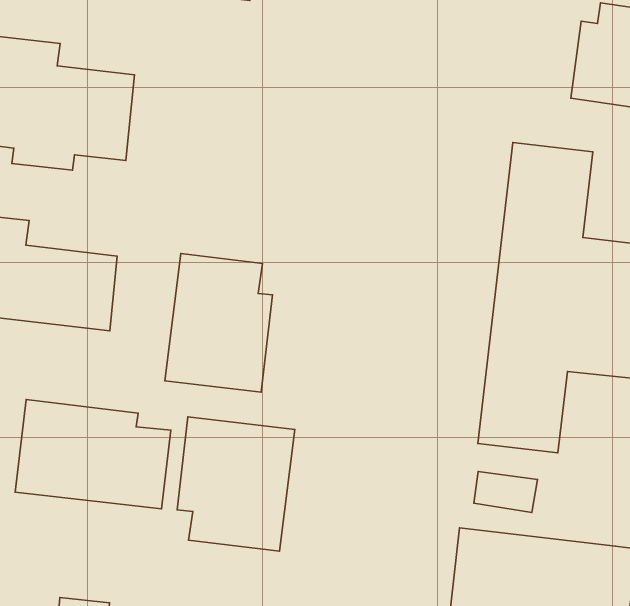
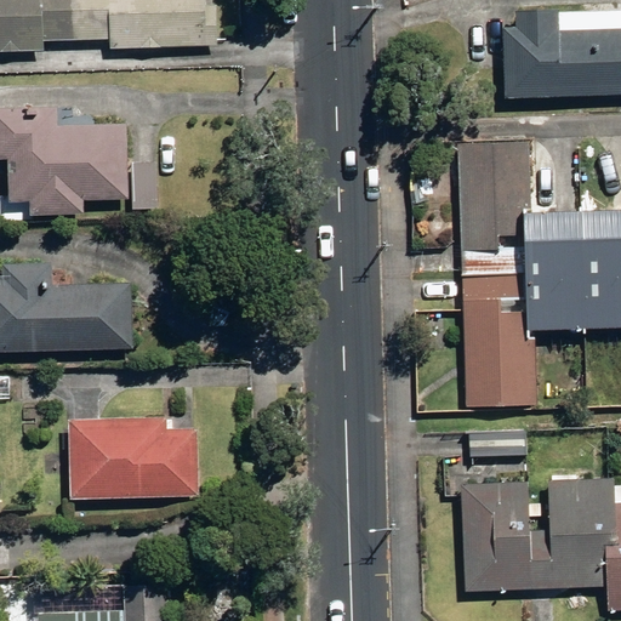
building: [165,253,272,392] -> none
building: [177,417,295,551] -> none

